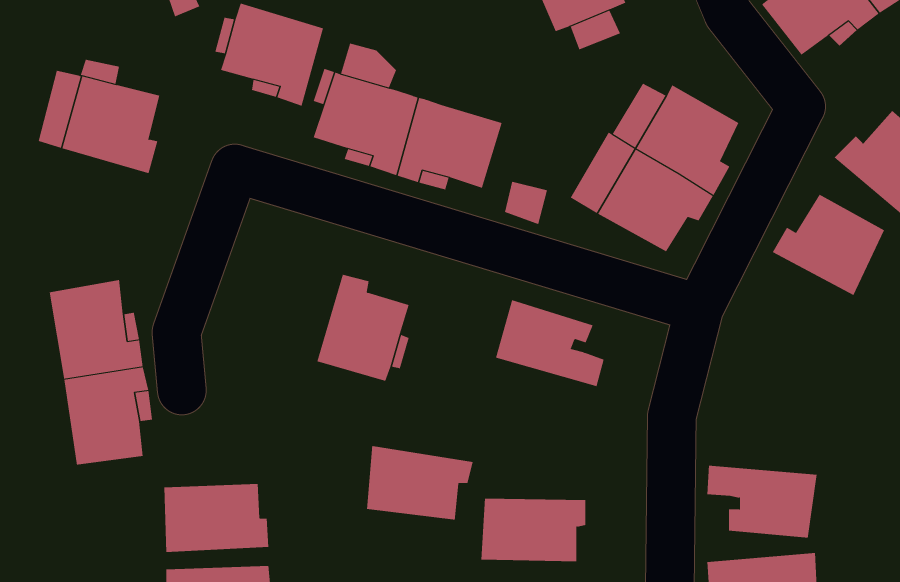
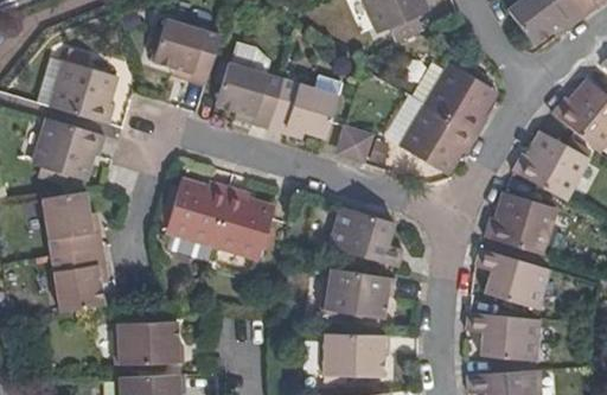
building: none -> [34,117,104,180]
building: none -> [170,180,234,246]
building: none -> [487,195,557,254]
building: none -> [479,249,551,308]
building: [366,445,474,520] -> [326,267,396,316]

